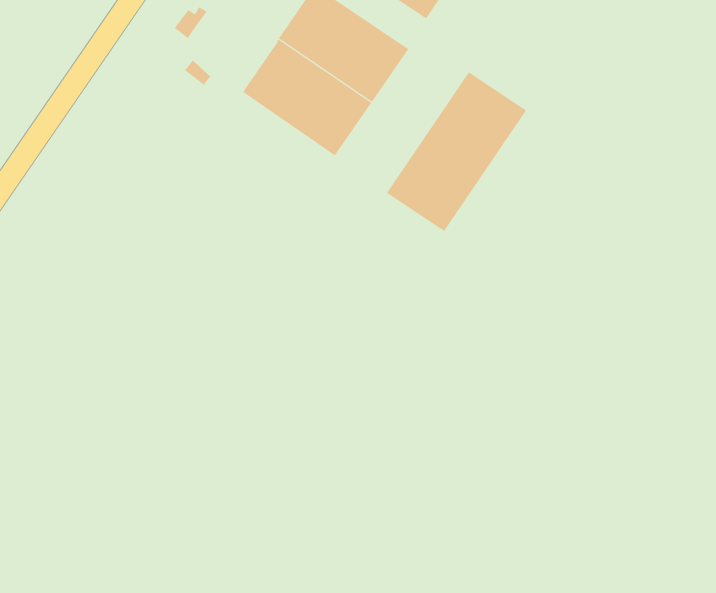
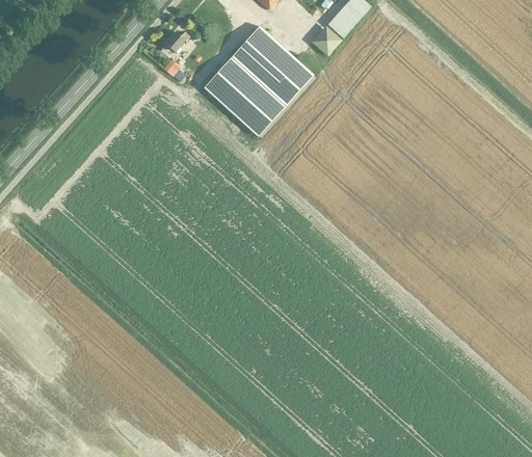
building: [386,71,527,232] -> none

